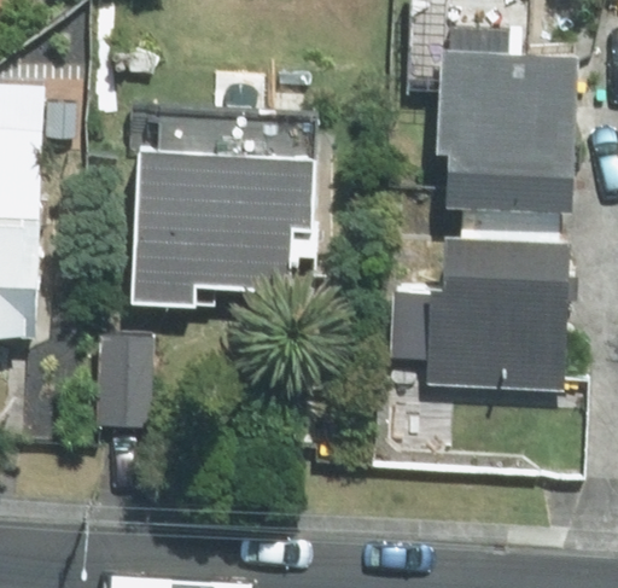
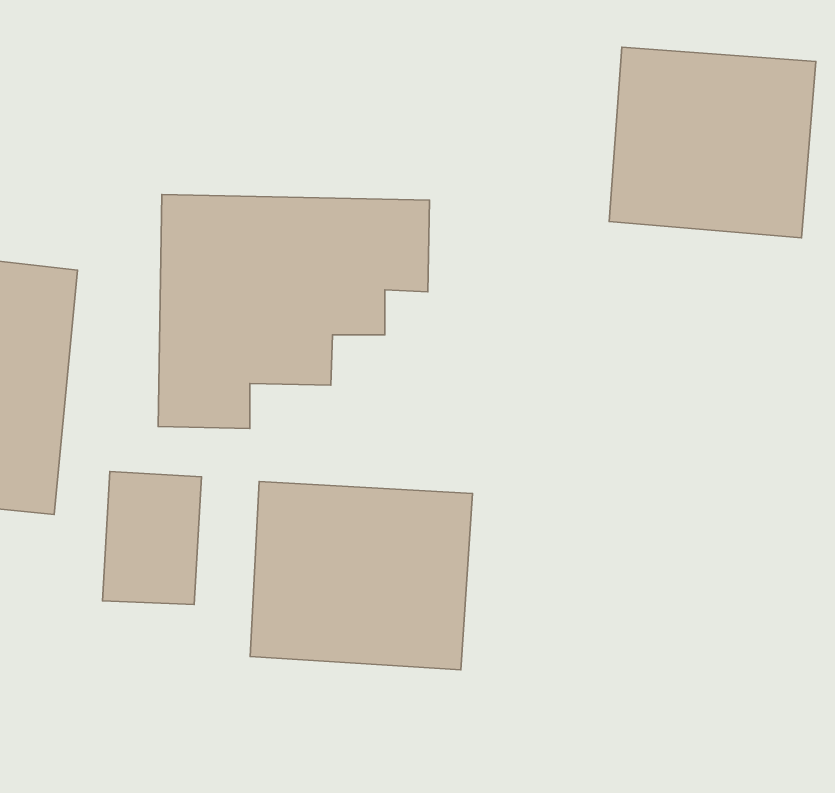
building: [433,233,572,389] -> none
building: none -> [250,482,472,670]

